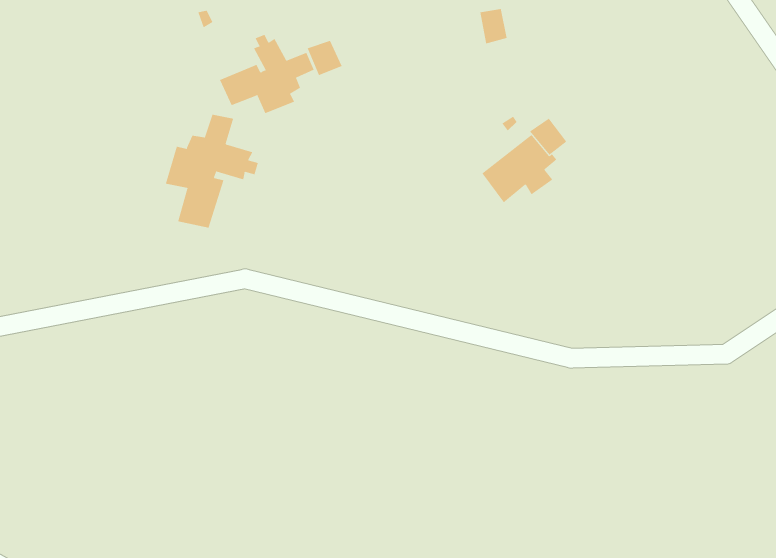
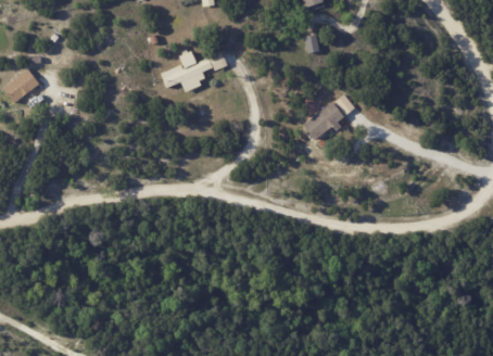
building: [165,114,259,229] -> none

